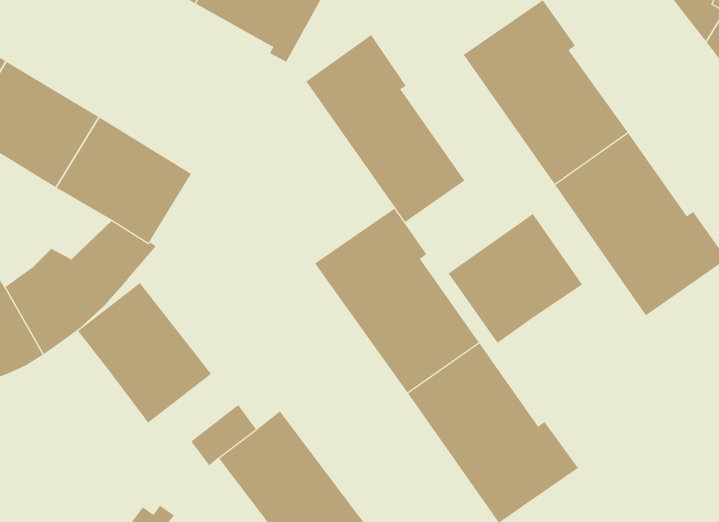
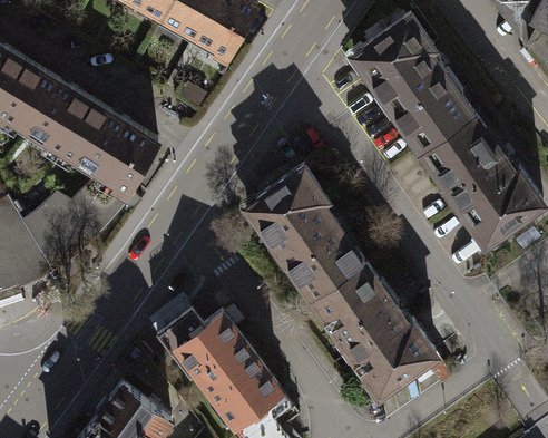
building: [305,34,465,223] -> none
building: [448,213,583,343] -> none
building: [77,282,212,424] -> none

